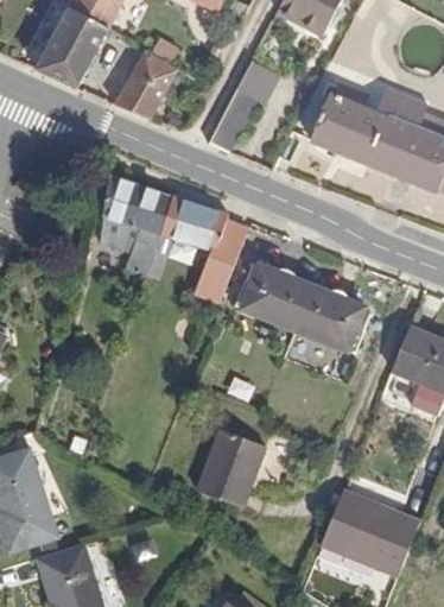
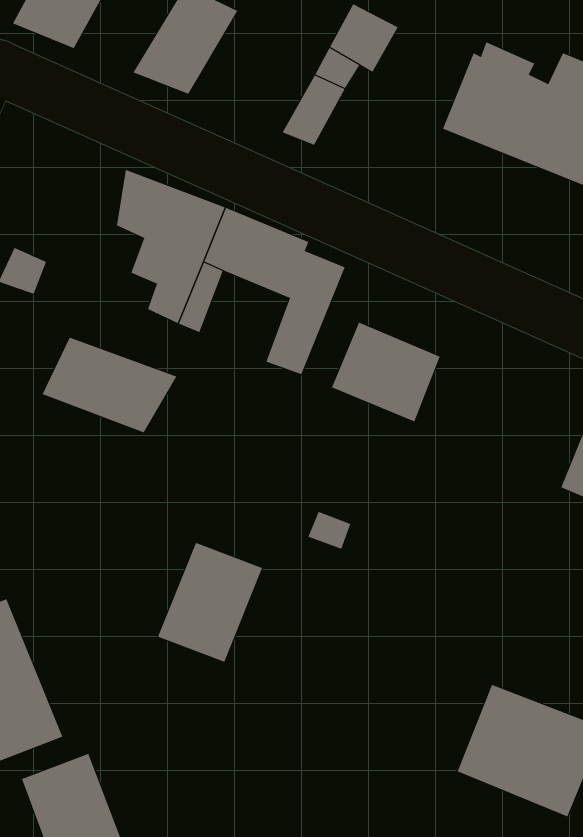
building: none -> [42,337,177,433]
building: [292,286,359,349] -> none
building: [195,431,264,510] -> [157,542,263,662]

